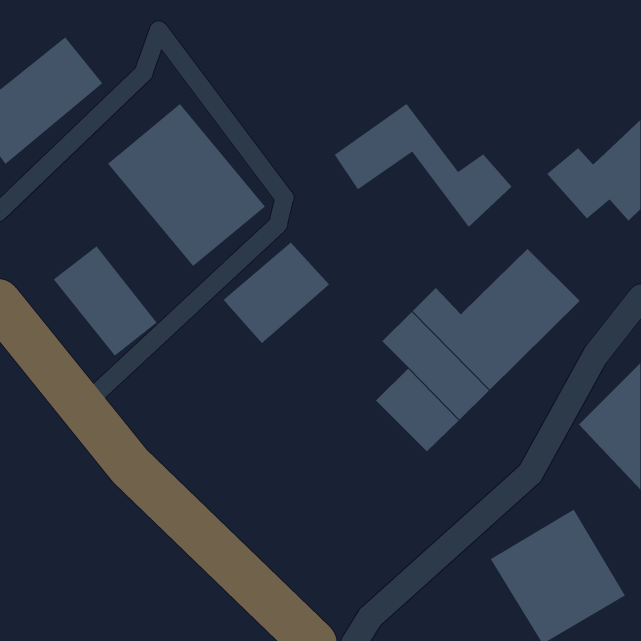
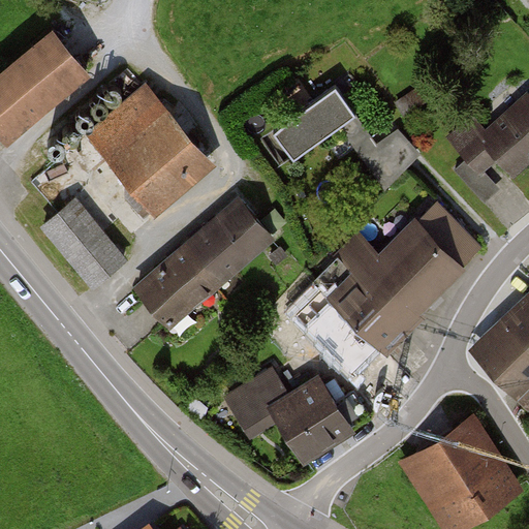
building: none -> [136,248,215,324]
building: none -> [231,368,367,456]

